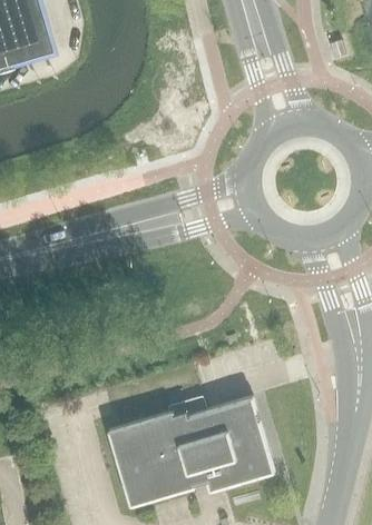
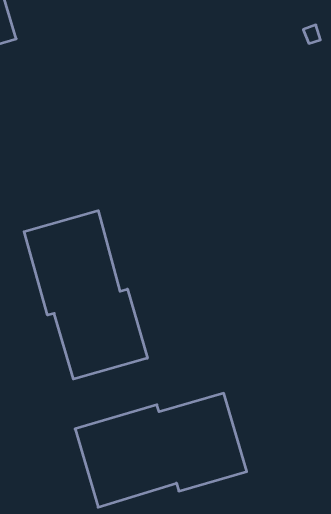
building: none -> [24,211,147,379]

